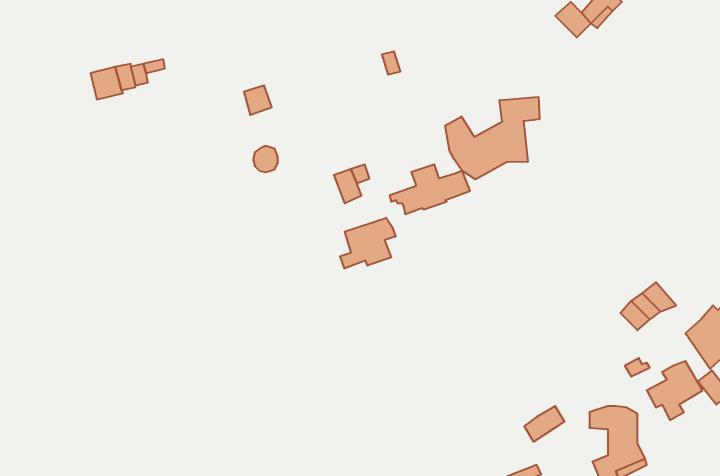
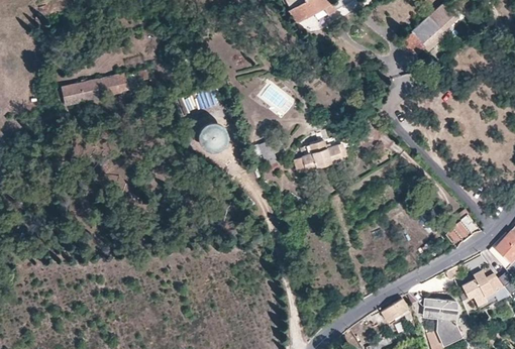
building: none -> [61,80,103,105]
building: [445,97,539,179] -> none
building: [340,218,396,268] -> none

